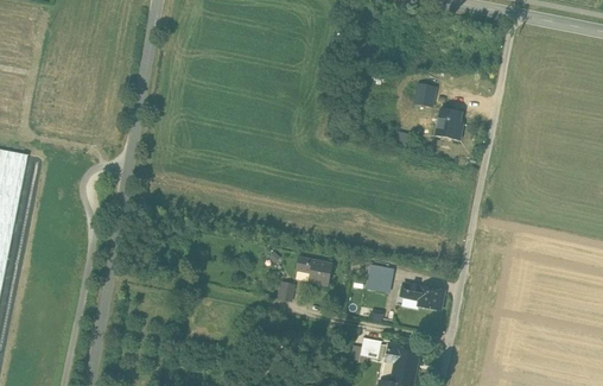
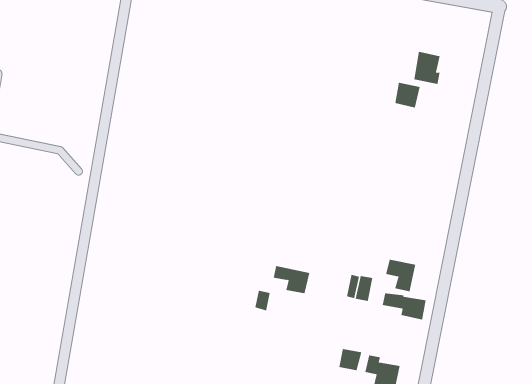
building: [434,108,461,140] -> [413,51,441,85]
building: none -> [385,259,416,292]

